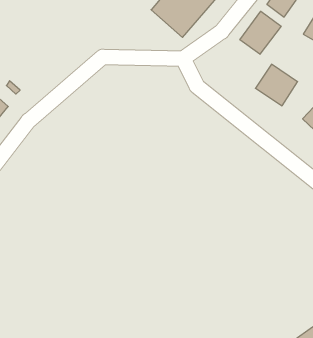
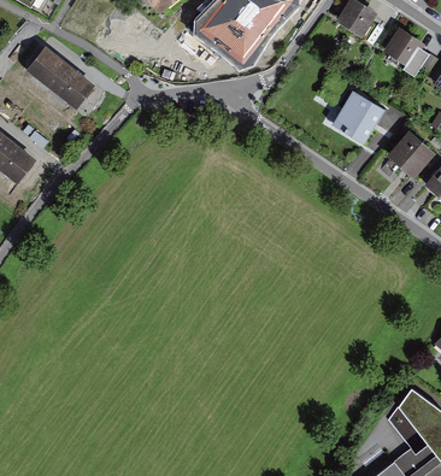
building: [240,11,281,54] -> none
building: none -> [30,52,93,110]

